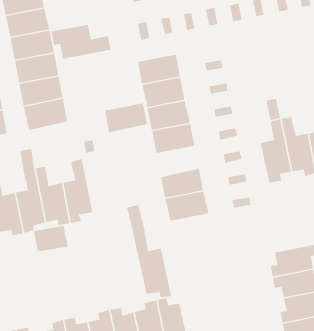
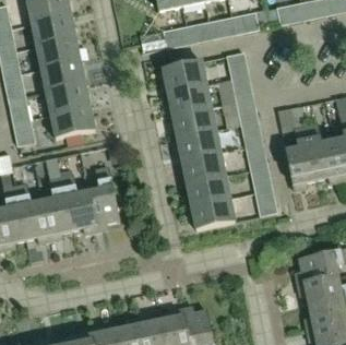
building: [51,24,111,59] -> none
building: [104,103,148,133] -> [181,153,225,183]
building: [126,204,172,298] -> none
building: [33,225,69,252] -> none

